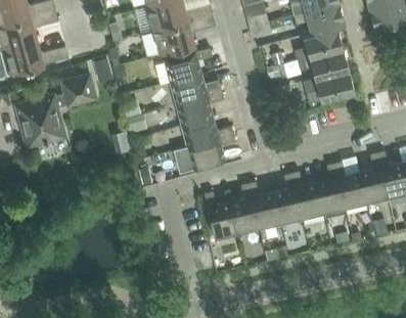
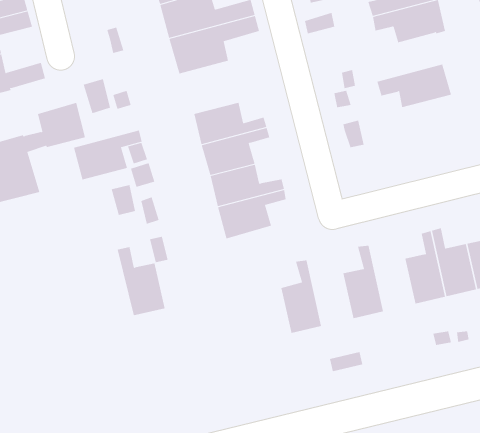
building: [295,27,343,60] -> none
building: [164,48,212,83] -> [73,130,142,180]
building: [303,70,355,103] -> none
building: [291,172,323,220] -> none
building: [249,182,280,230] -> none
building: [204,192,237,240] -> [117,247,165,316]

